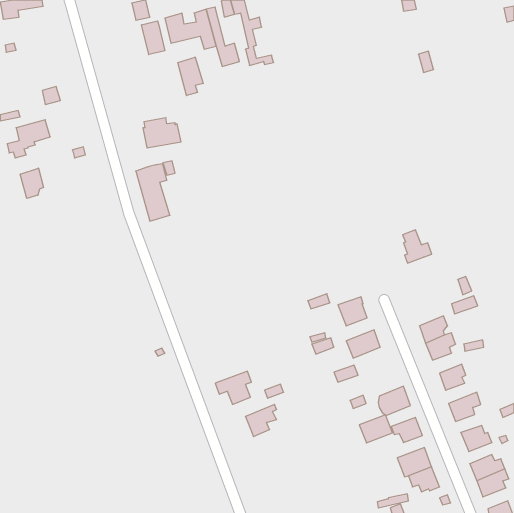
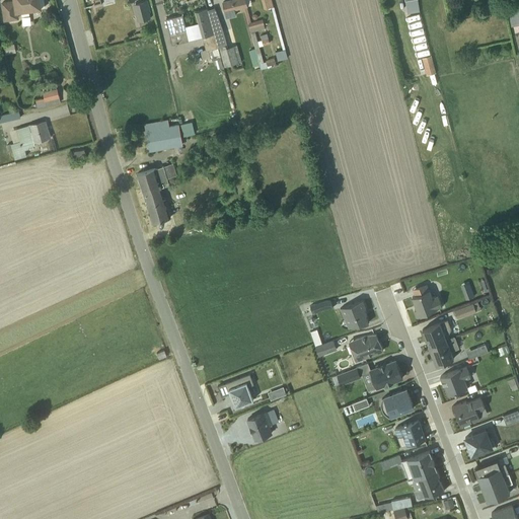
building: [142,21,165,55] -> none
building: [178,57,203,96] -> none
building: [20,168,44,198] -> none
building: [403,230,432,263] -> [413,283,442,316]
building: [359,415,392,443] -> [369,361,402,389]

